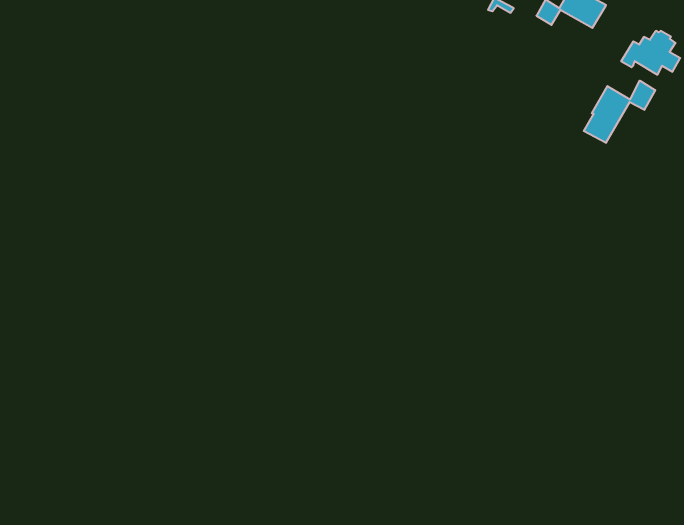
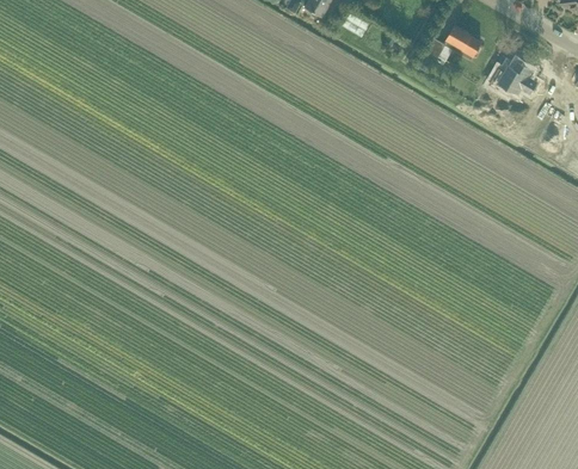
building: [584,81,655,143] -> none

